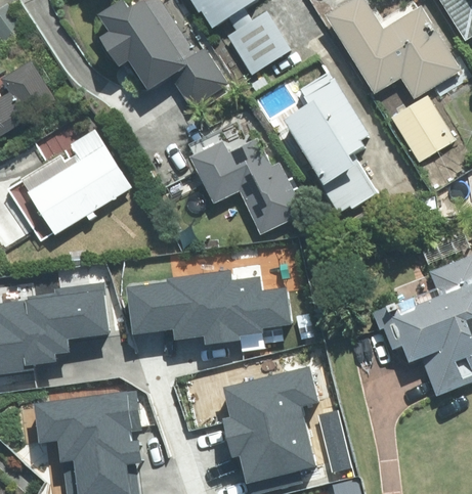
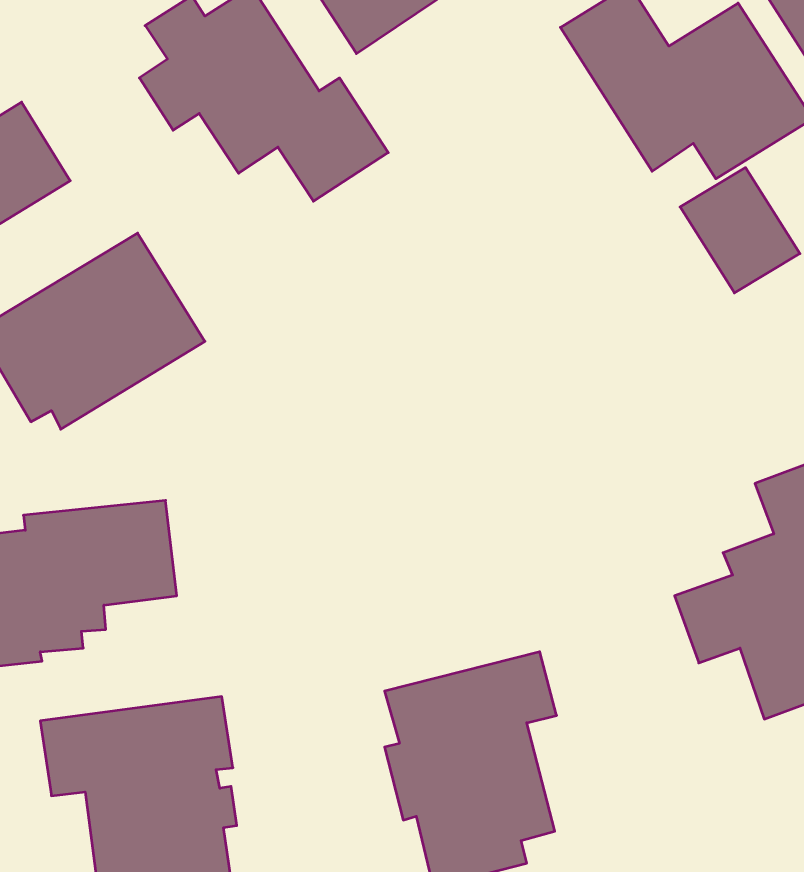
building: [225,13,291,77] -> none
building: [272,72,376,216] -> none
building: [187,139,303,236] -> none
building: [132,265,294,339] -> none

